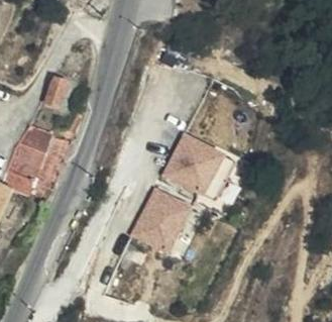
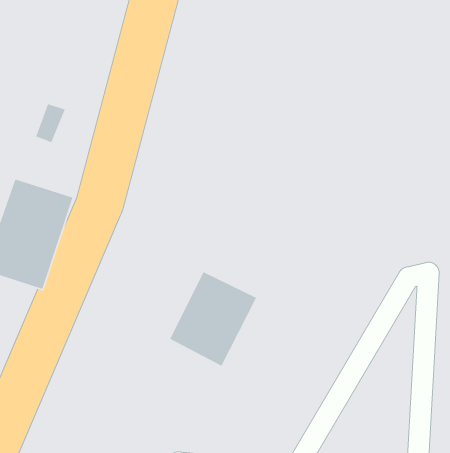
building: [160,134,222,195] -> none

